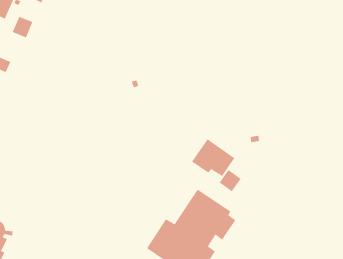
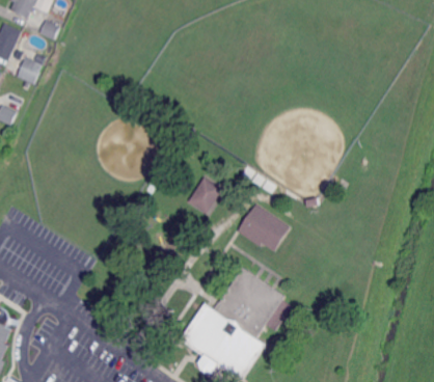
building: none -> [188,176,221,212]
building: [219,169,242,192] -> none

